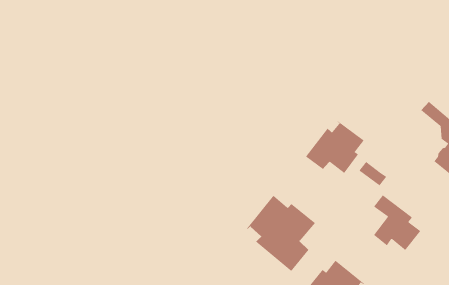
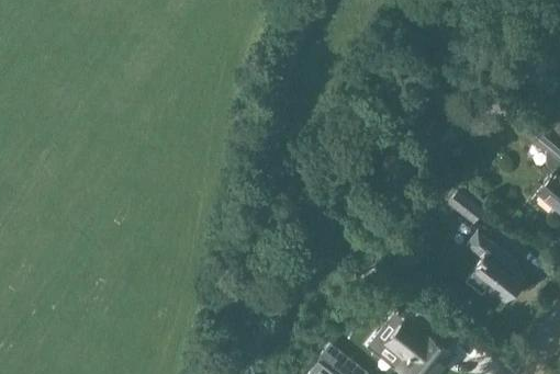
building: [305,120,365,174] -> none
building: [246,195,316,272] -> none

